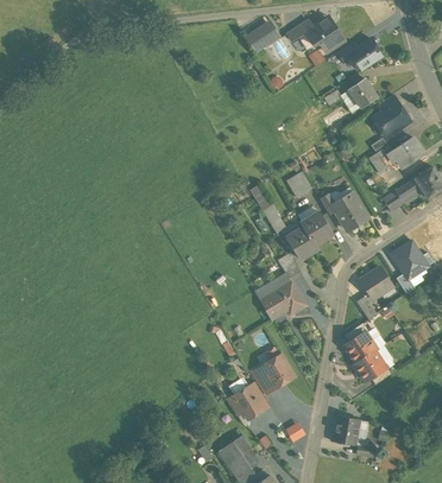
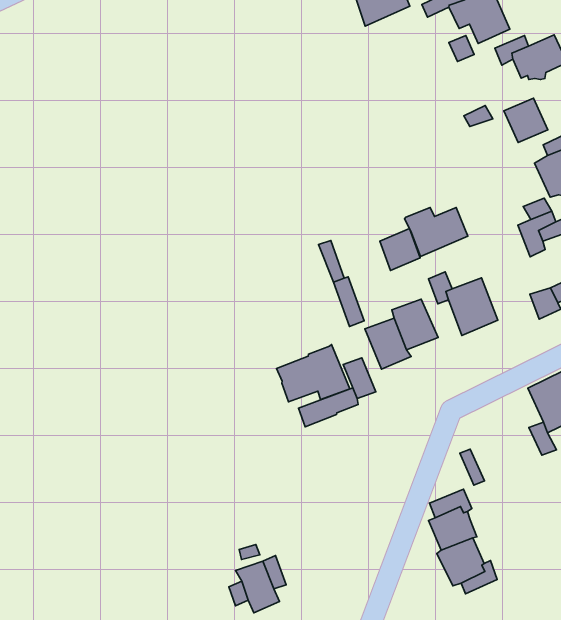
building: none -> [405,208,468,256]
building: [360,267,392,299] -> none
building: [260,281,307,320] -> [277,344,350,402]
building: [253,355,295,393] -> none

